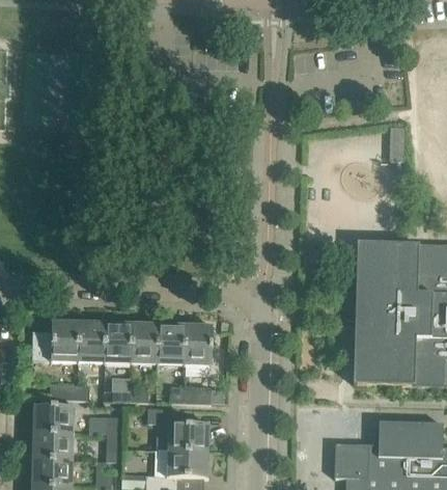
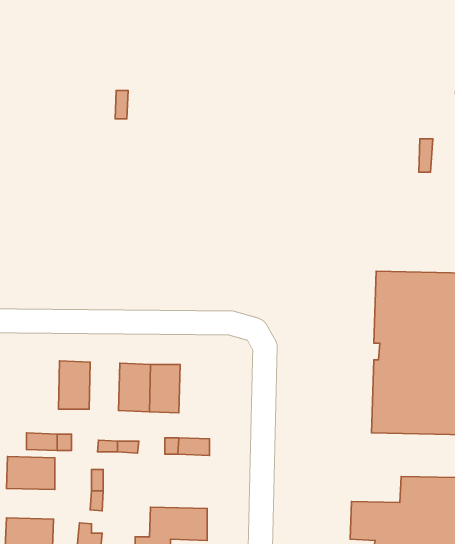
building: [33,320,80,362] -> none
building: [106,321,133,363] -> none
building: [185,323,214,365] -> none
building: [148,407,211,450] -> none
building: [33,432,76,459] -> none

